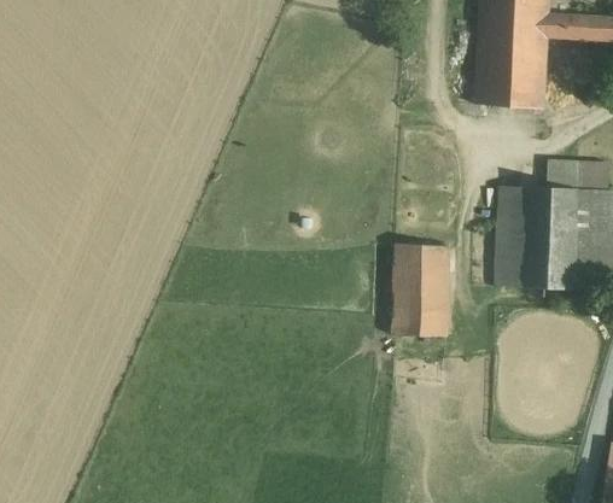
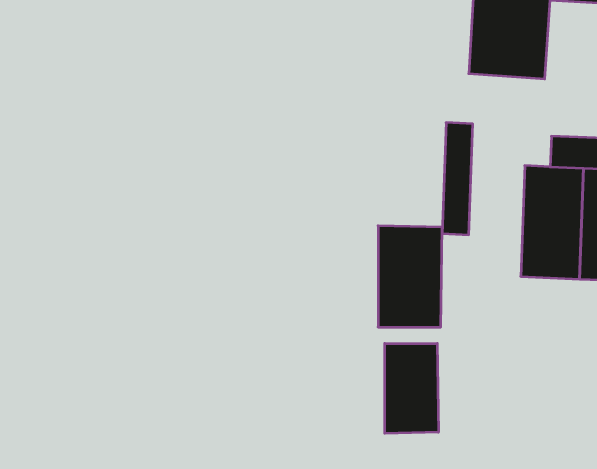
building: [497,185,525,286] -> [442,123,473,235]
building: none -> [385,343,438,433]

